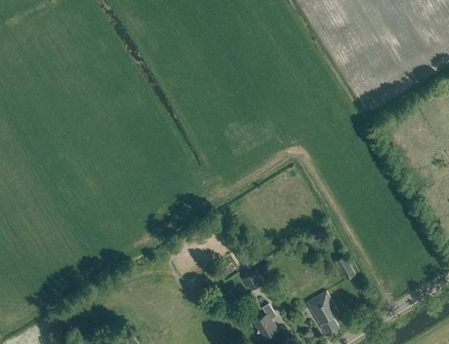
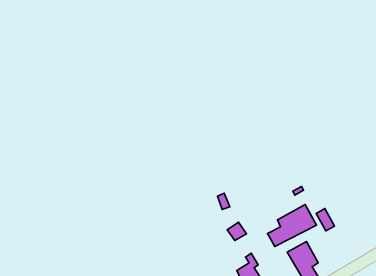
building: none -> [267,205,316,247]

